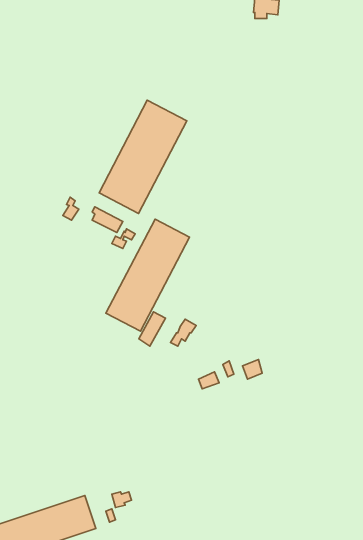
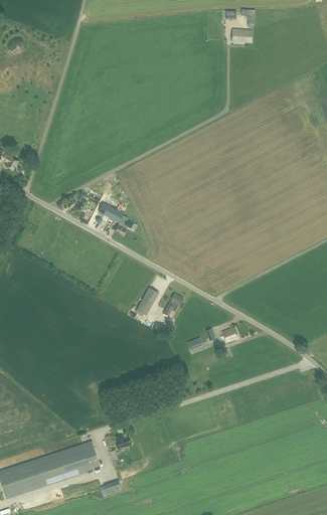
building: [99,100,187,213] -> none
building: [106,219,190,331] -> none

